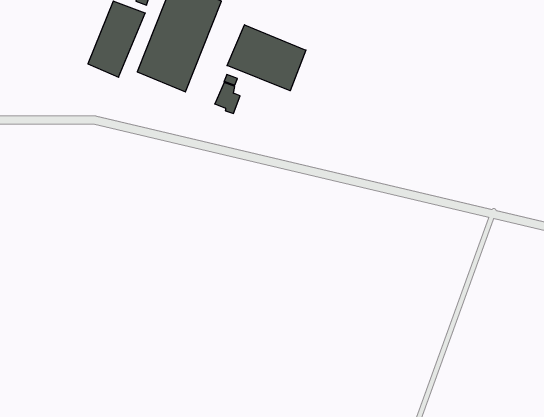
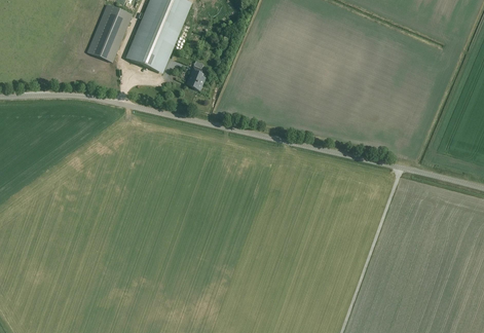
building: [227,25,306,91] -> none

